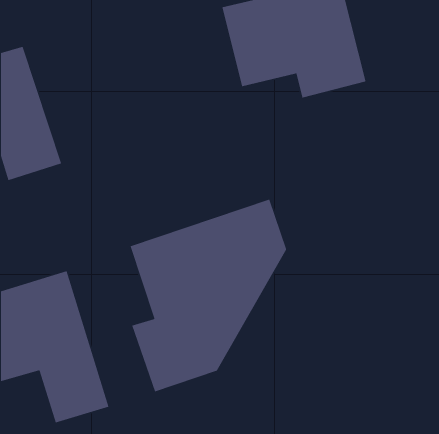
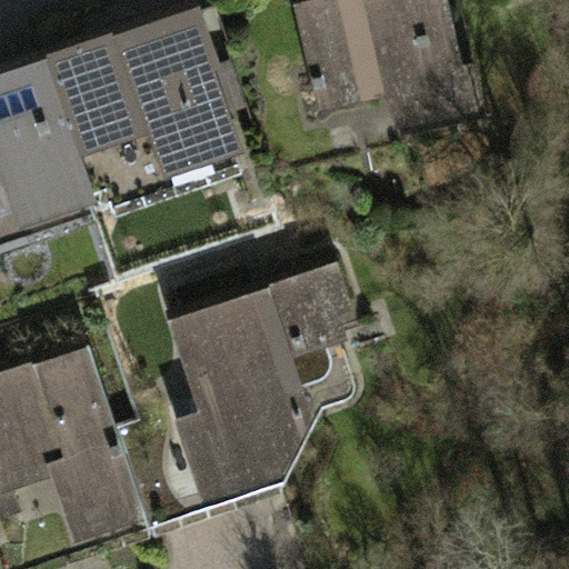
building: none -> [47,10,239,177]

